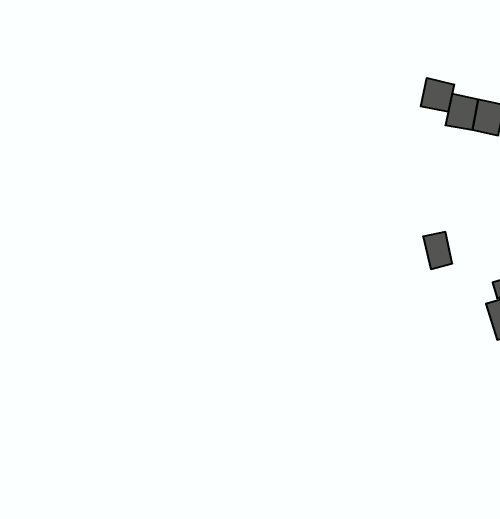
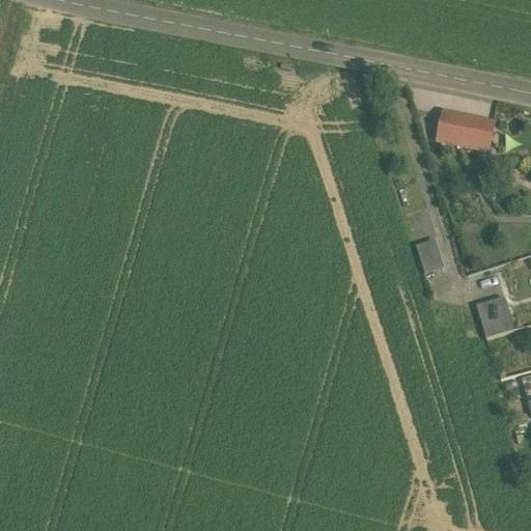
building: [421,78,454,112] -> none

